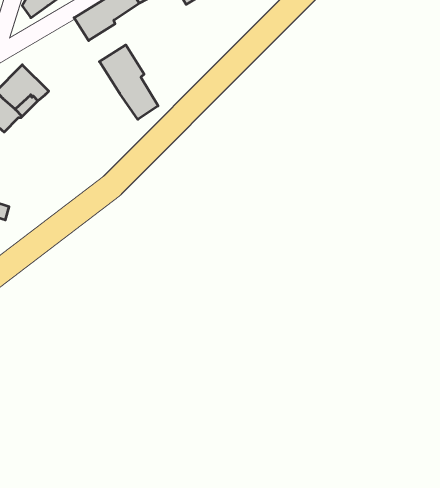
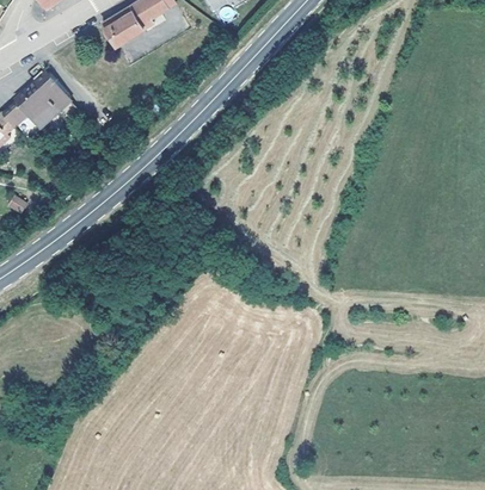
building: [99,45,158,119] -> none

